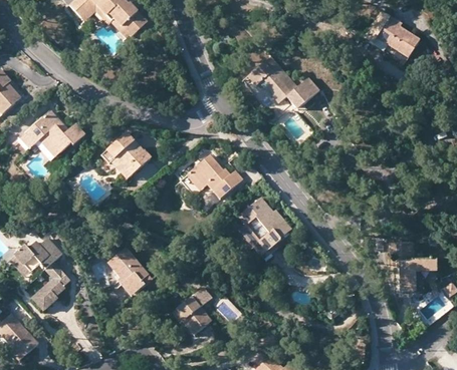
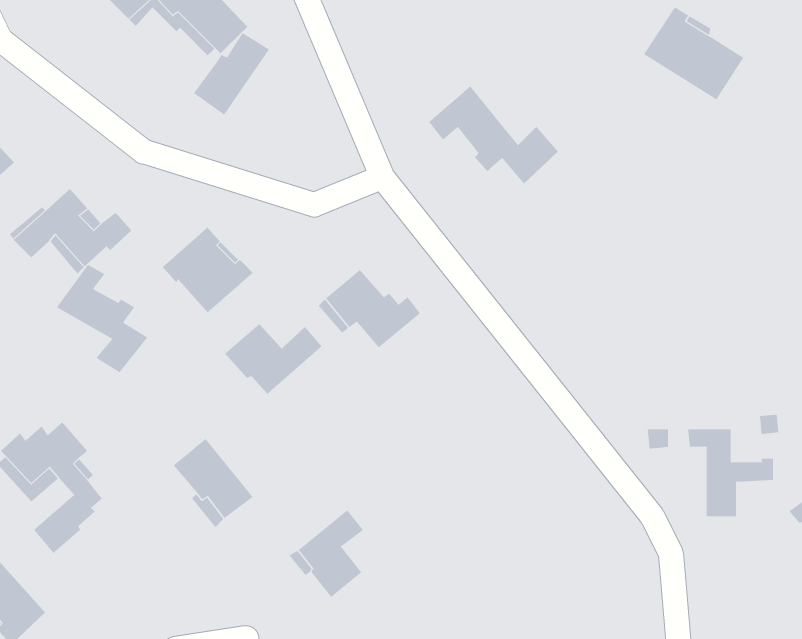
building: none -> [193,32,270,116]
building: none -> [56,264,148,373]
building: none -> [224,323,322,395]
building: [238,197,290,259] -> none

